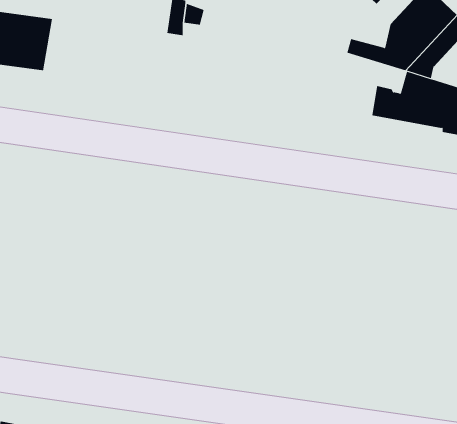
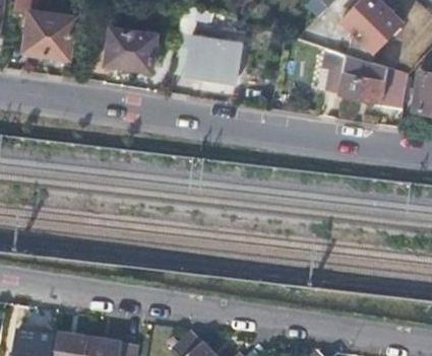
building: none -> [106,26,158,70]
building: none -> [188,35,240,80]

